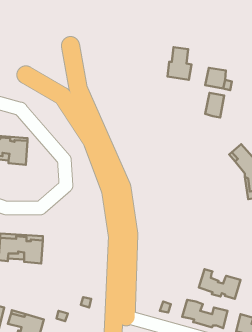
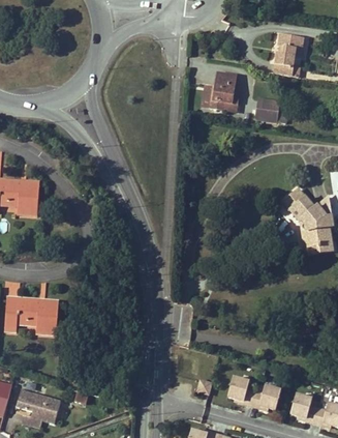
building: none -> [272,33,303,76]
building: [205,93,224,118] -> none
building: [199,269,241,299] -> none

